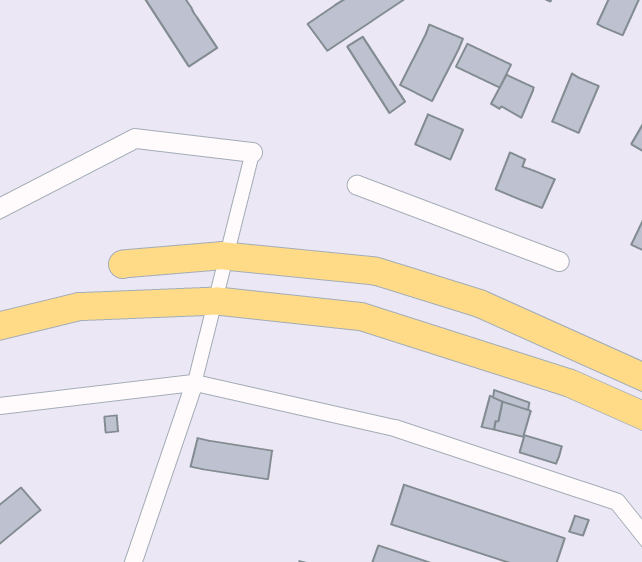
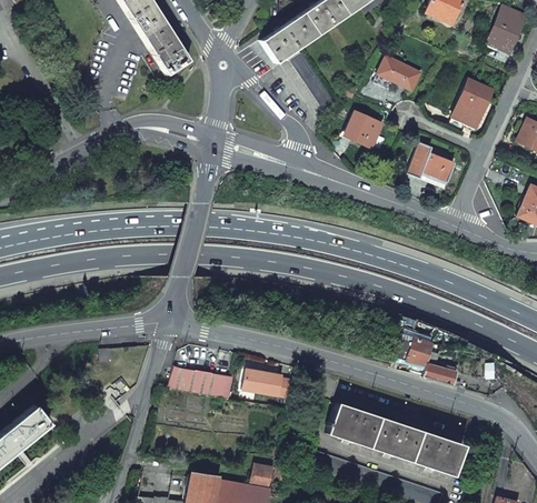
building: [400,25,463,101] -> none
building: [491,74,534,118] -> none
building: none -> [243,370,291,398]

